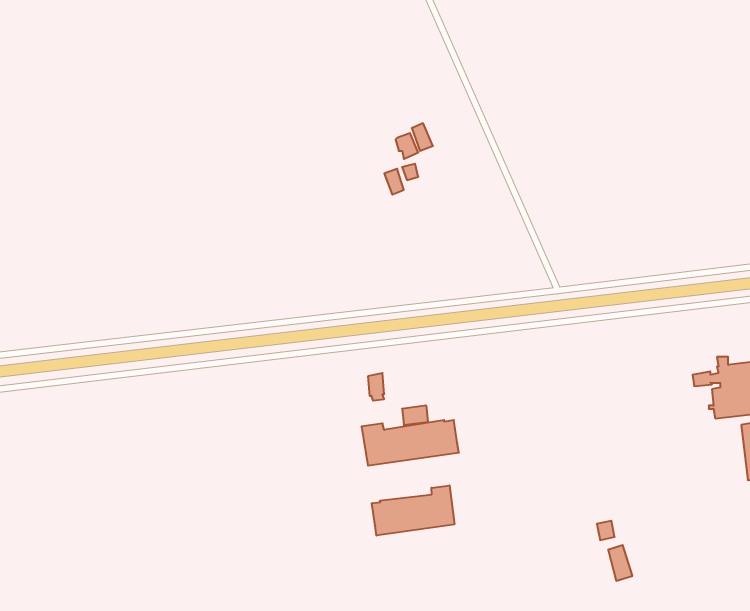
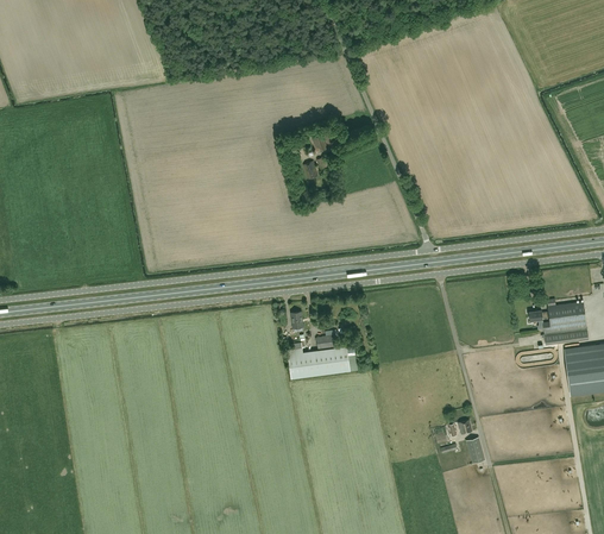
building: [372,485,454,536] -> none

